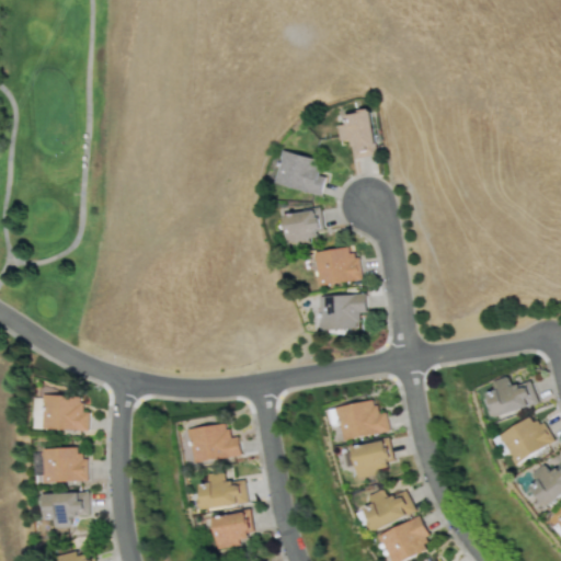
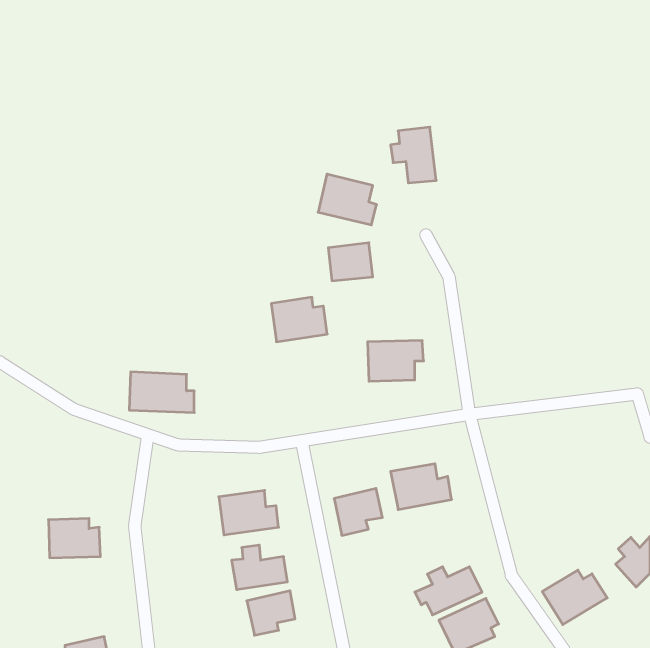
building: [312,248,360,286] -> [271,297,327,342]
building: [485,376,537,417] -> none
building: [32,396,88,431] -> [129,372,194,413]
building: [499,417,554,465] -> [542,570,607,625]
building: [352,438,393,479] -> [334,488,382,535]
building: [43,493,89,528] -> none

